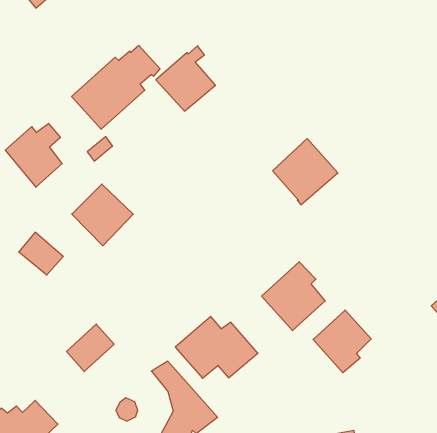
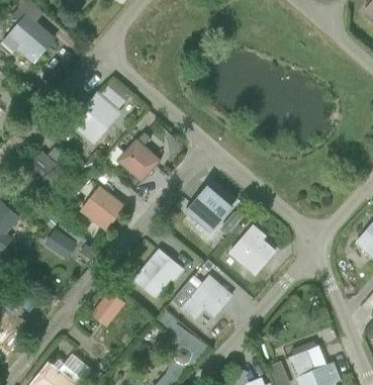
building: [156,46,215,111] -> [116,132,161,182]
building: [273,139,338,205] -> [185,184,234,233]
building: none -> [134,249,183,291]
building: [313,310,371,373] -> none

